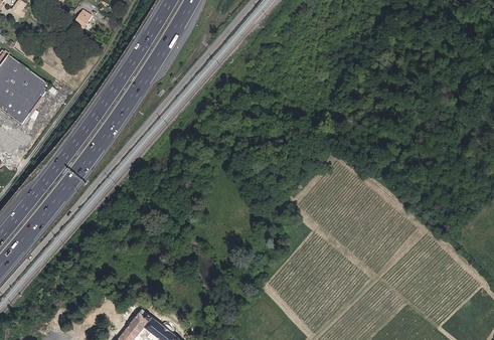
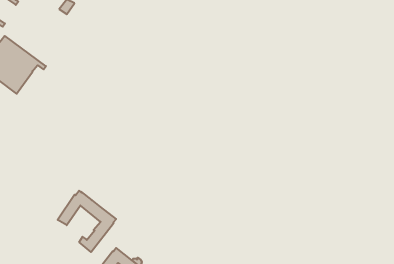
building: none -> [58,191,116,252]

